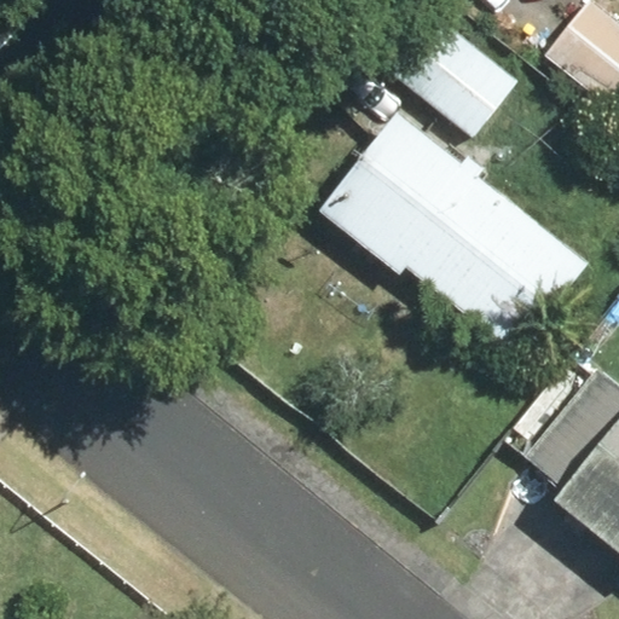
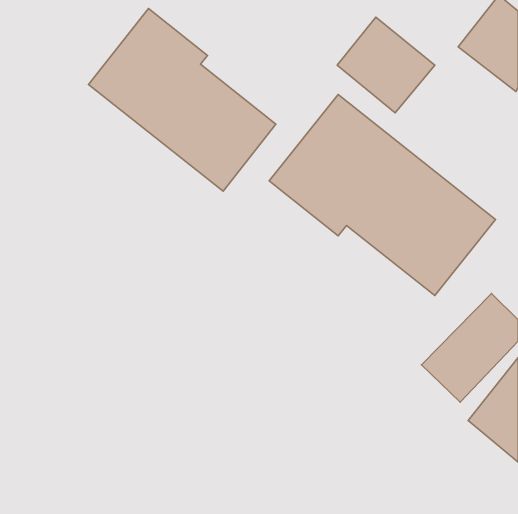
building: none -> [89,9,276,191]

